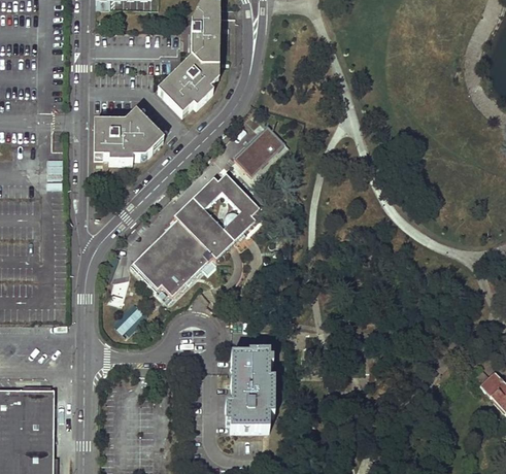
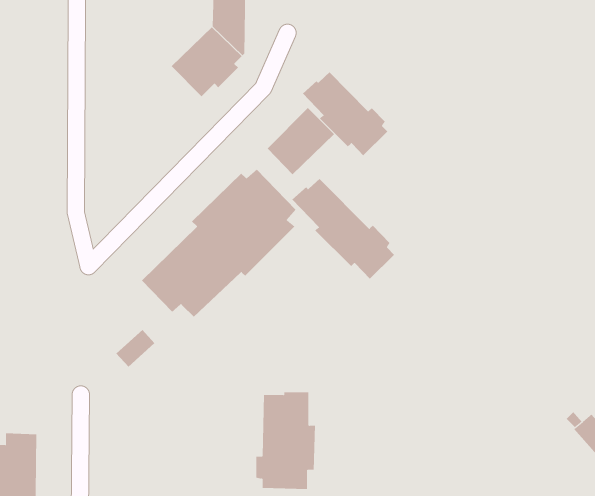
building: none -> [302,71,388,156]
building: [93,111,162,163] -> none
building: none -> [292,178,395,280]

